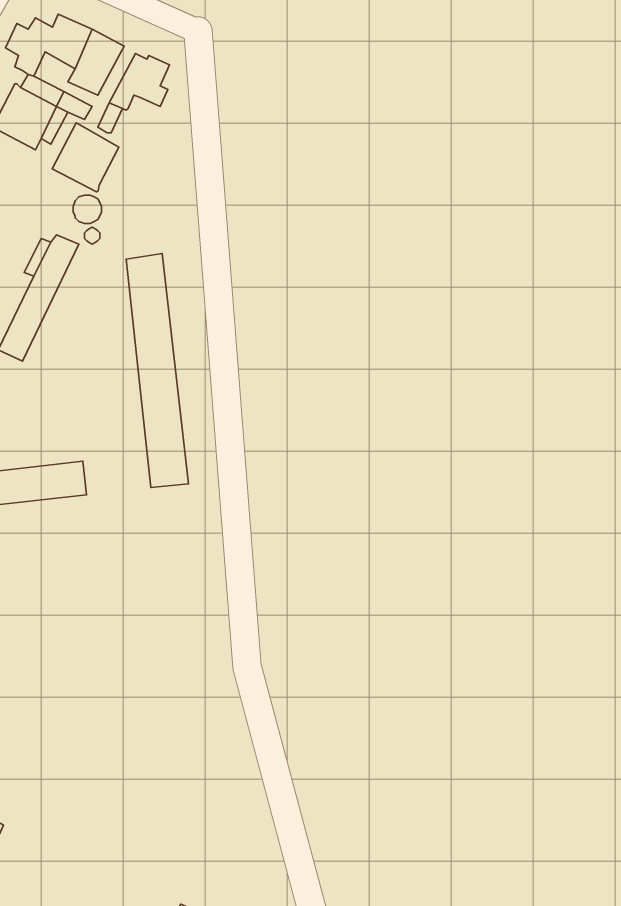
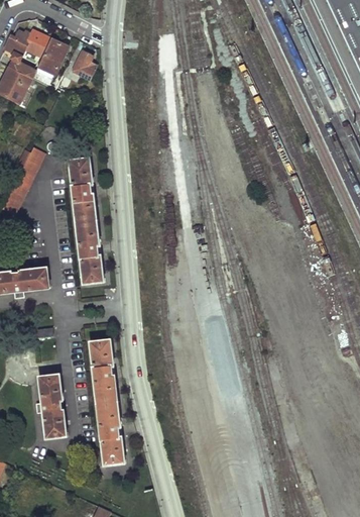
building: [52,123,119,192] -> none
building: none -> [89,339,123,463]
building: none -> [38,374,66,437]

